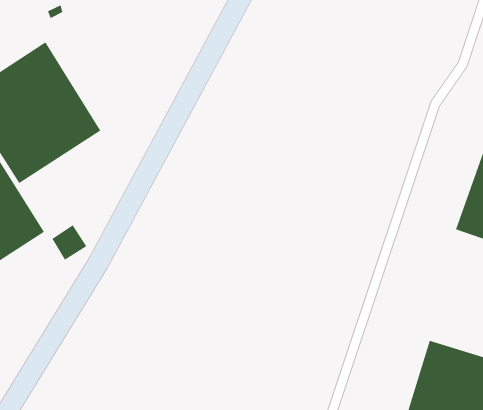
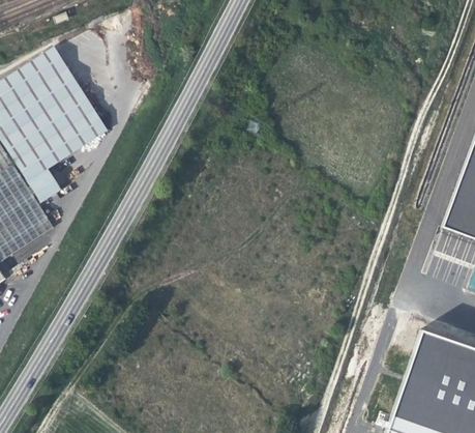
building: [51,225,87,260] -> [28,169,62,203]

